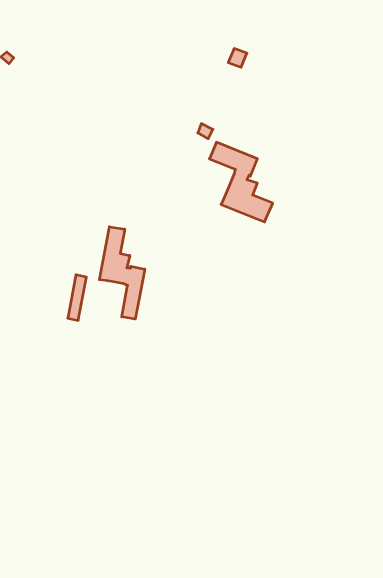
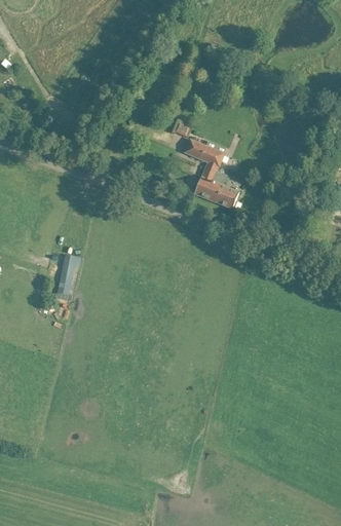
building: [99,227,145,319] -> none

